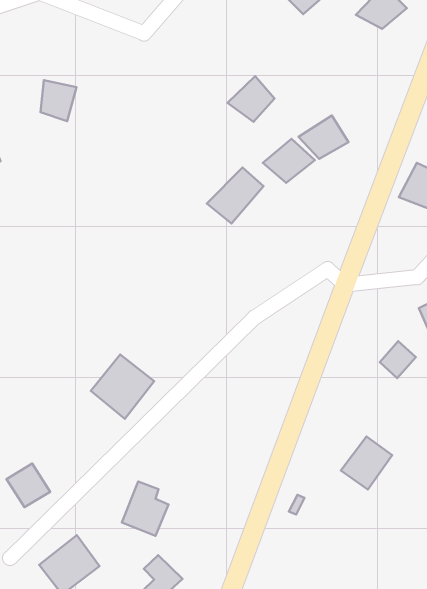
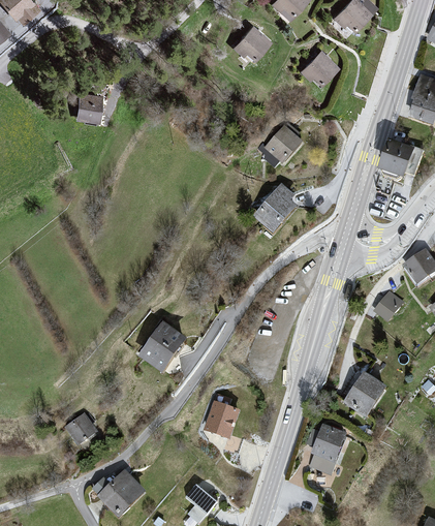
building: [228,76,275,122] -> [231,24,271,62]
building: [298,115,349,159] -> [297,48,339,85]
building: [207,167,263,223] -> [254,183,301,230]
building: [122,482,169,536] -> [201,392,240,436]
building: none -> [307,423,345,474]

